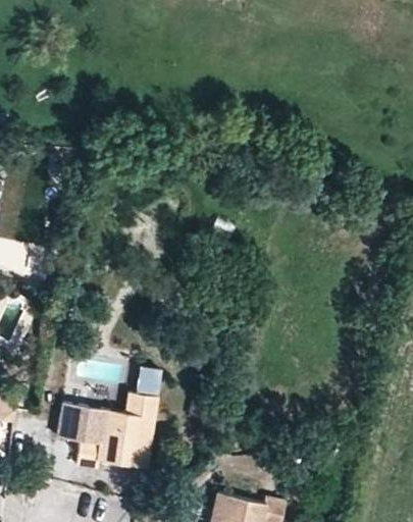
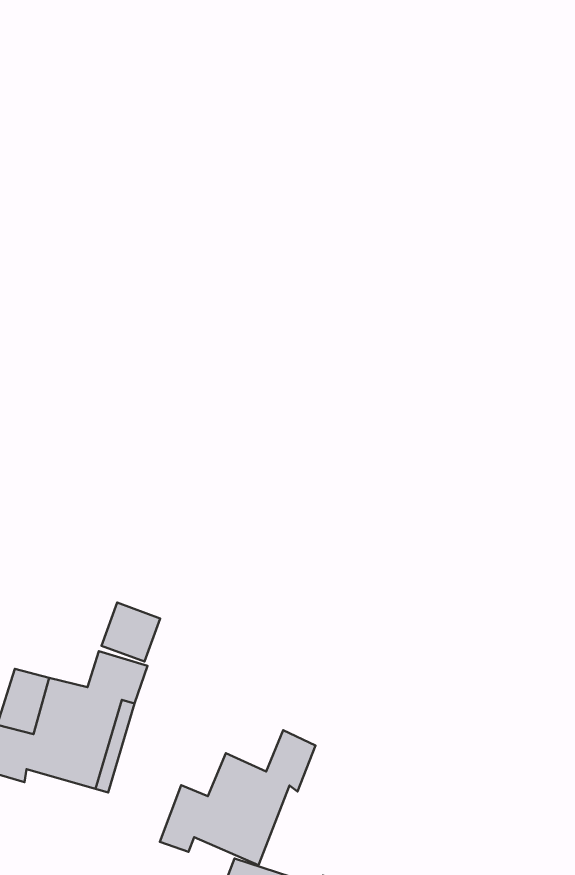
building: none -> [160,730,315,865]

